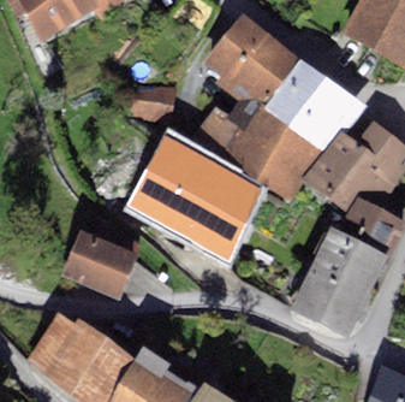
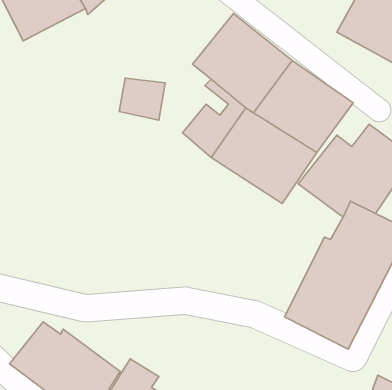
building: [127,135,262,256] -> none
building: [64,225,138,296] -> none

